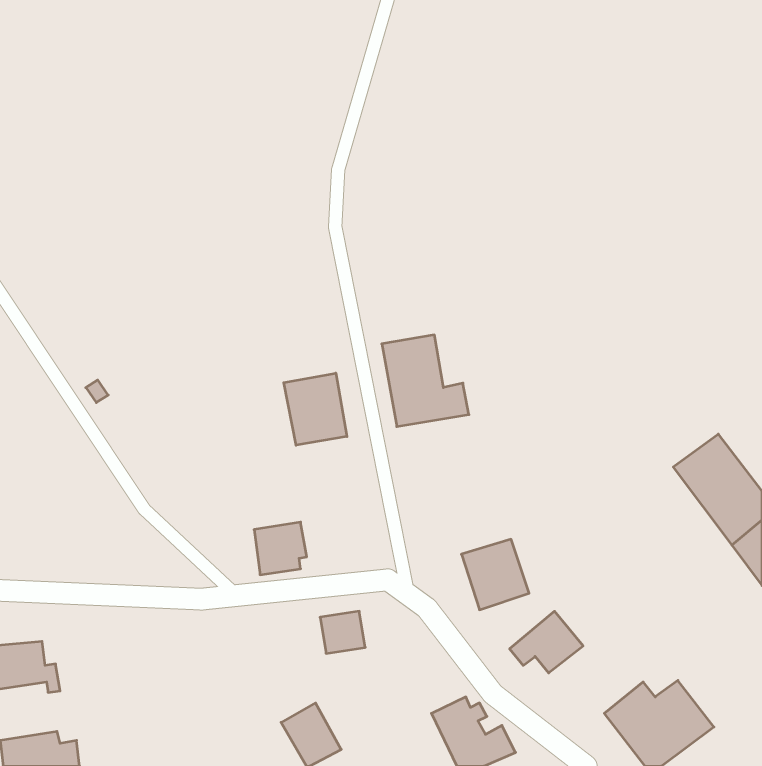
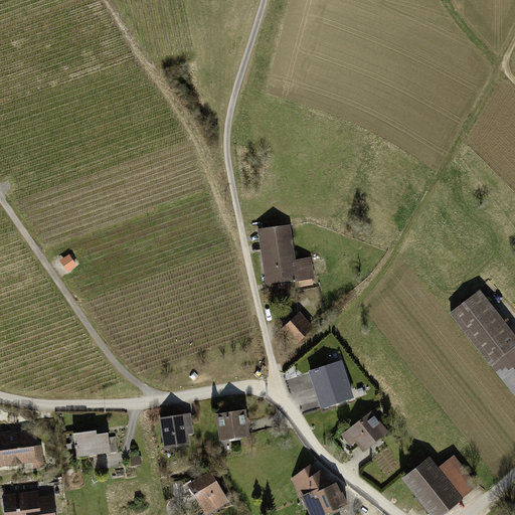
building: [284,373,347,445] -> none
building: none -> [280,311,315,346]
building: [254,522,307,575] -> [158,412,193,448]
building: none -> [71,431,114,455]

